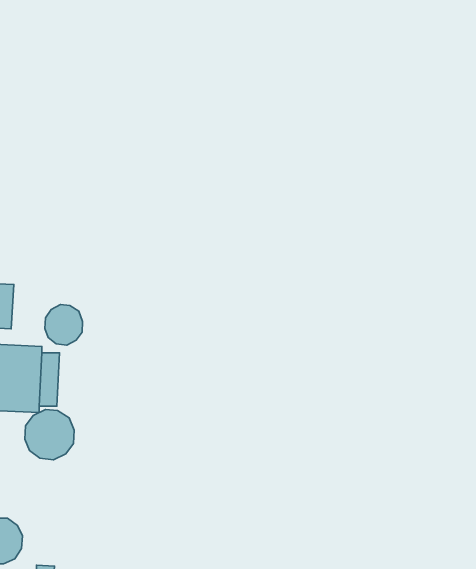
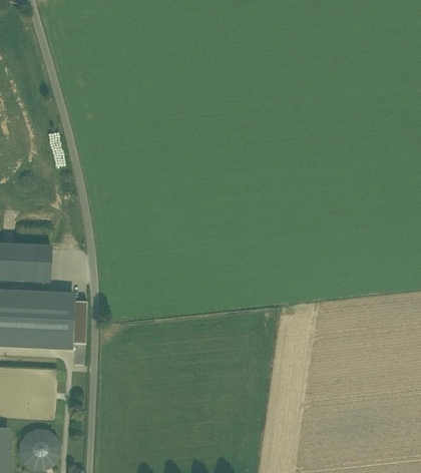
building: [45,305,83,345] -> none
building: [25,409,74,460] -> none

